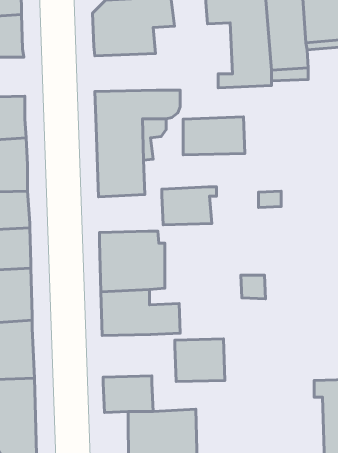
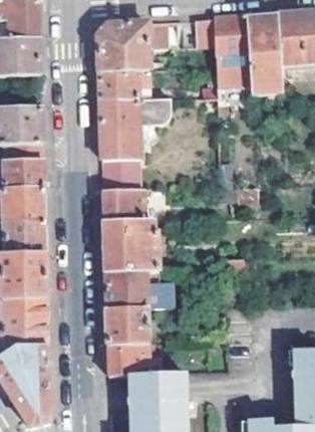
building: [183,117,245,155] -> [99,69,151,101]
building: [162,187,217,225] -> [102,189,148,221]
building: [175,339,225,382] -> [105,307,147,344]

